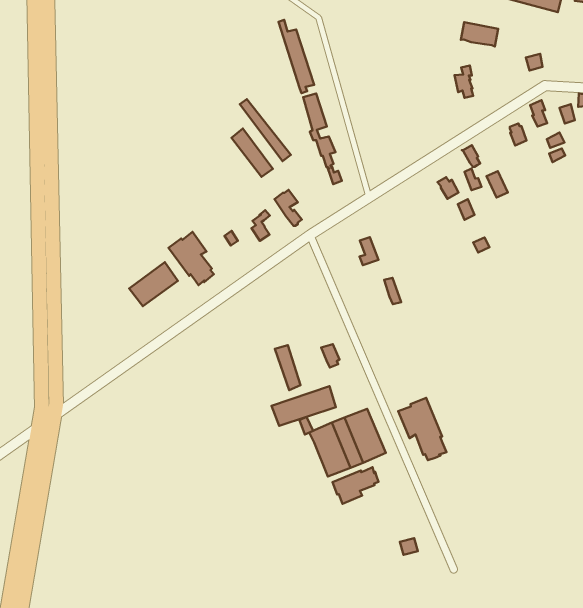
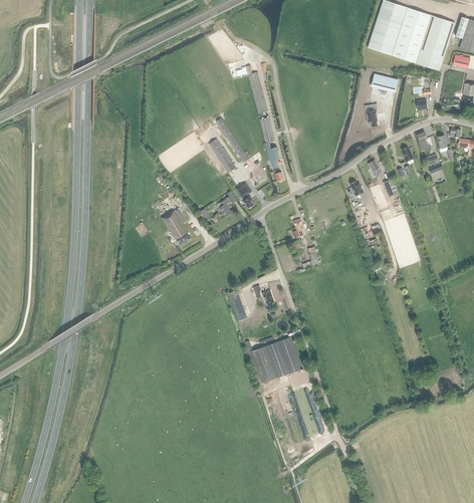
building: [129,262,178,306] -> none
building: [271,386,336,426] -> none
building: [398,398,447,460] -> none
building: [332,467,379,504] -> none

